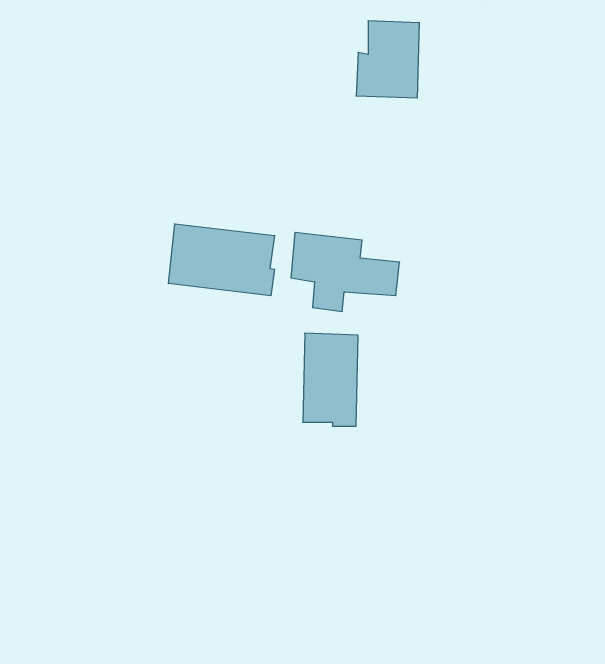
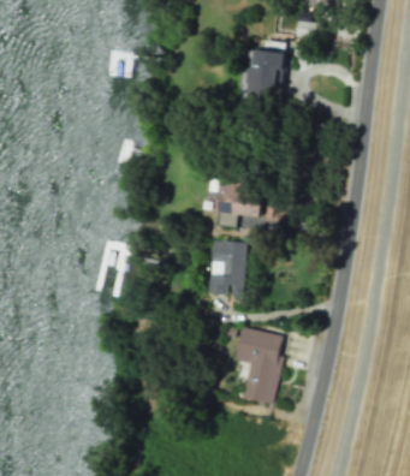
building: [169,224,275,296] -> none
building: none -> [237,328,284,404]

